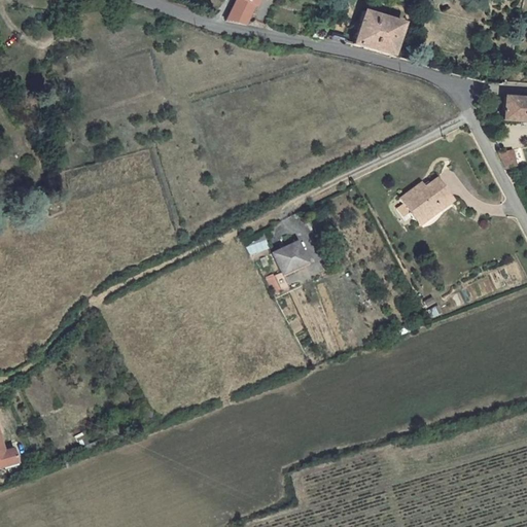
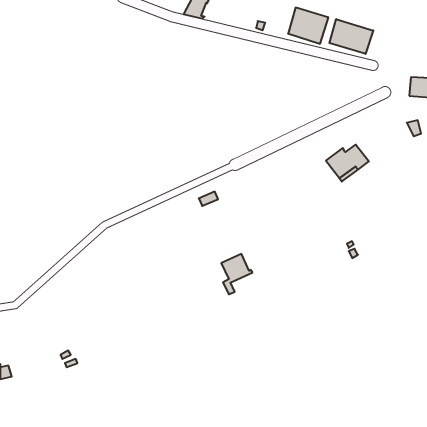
building: none -> [329,19,373,54]
building: [275,240,313,289] -> [221,254,252,294]

